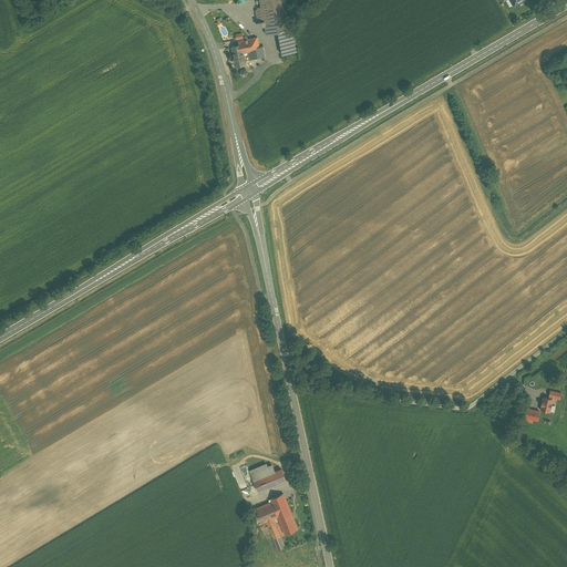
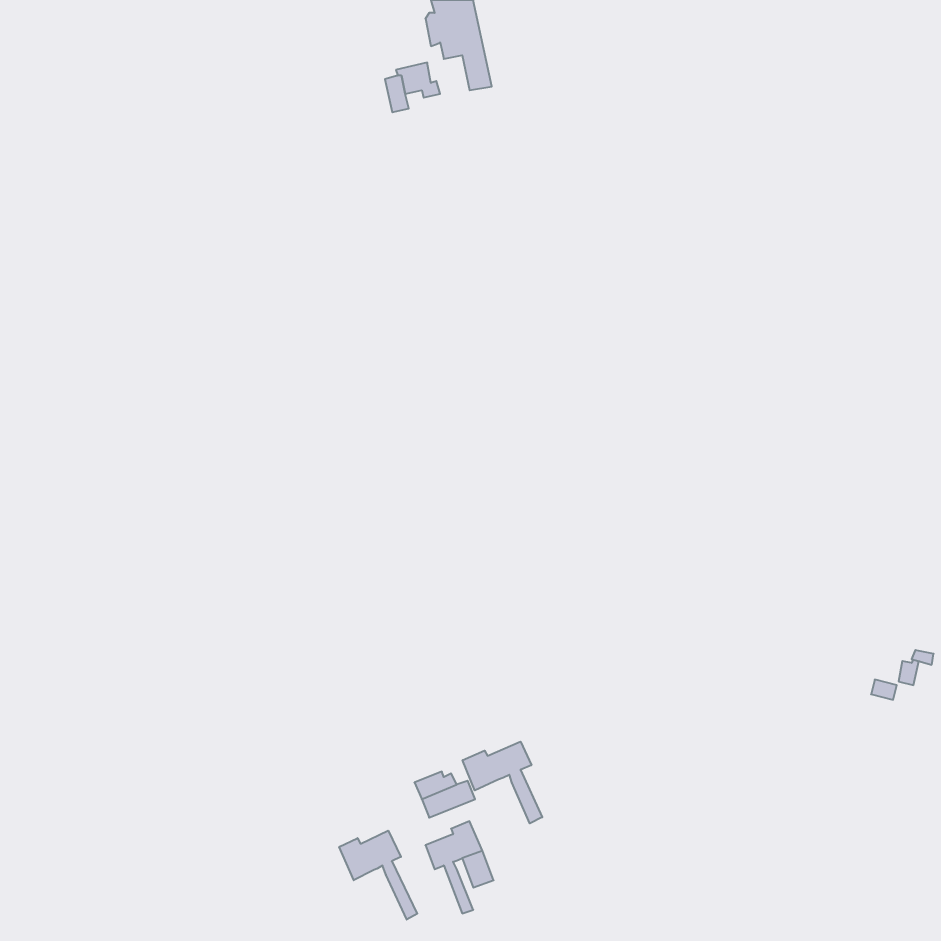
building: none -> [463,742,542,823]
building: none -> [339,831,417,920]

